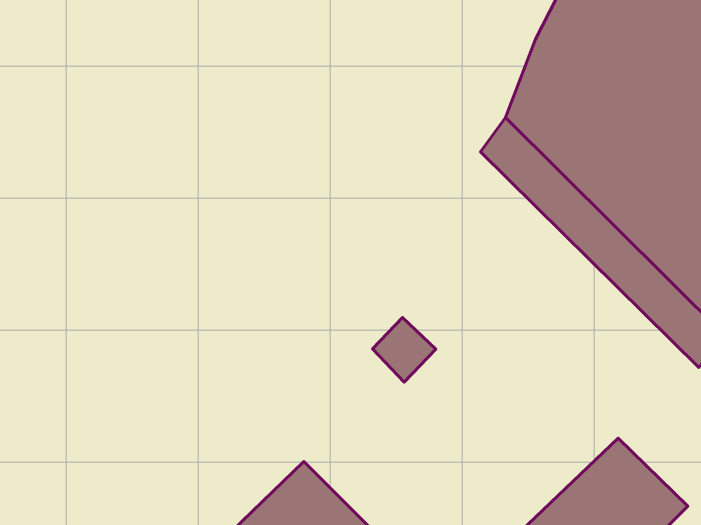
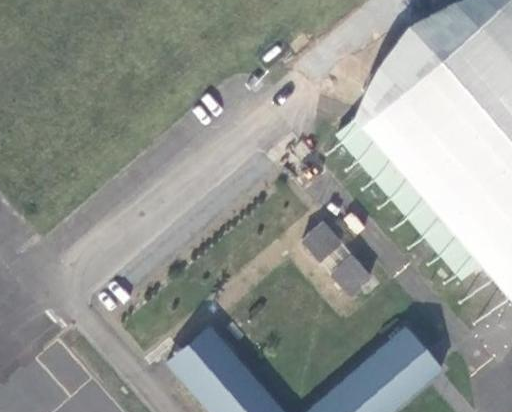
building: [373,318,436,382] -> [304,225,343,265]
building: none -> [332,258,372,299]

